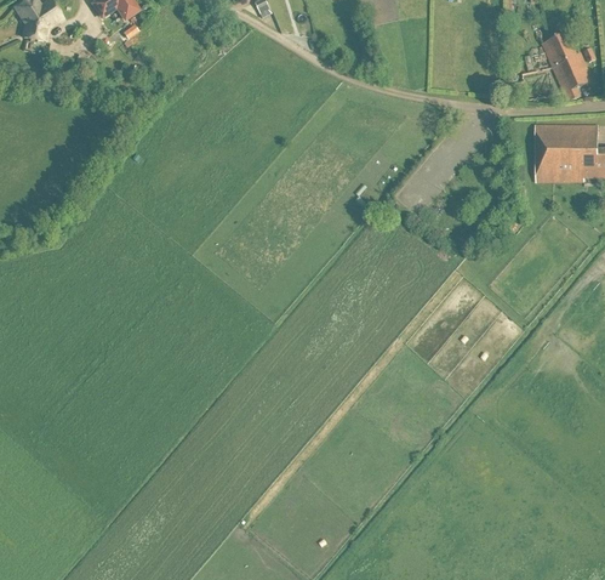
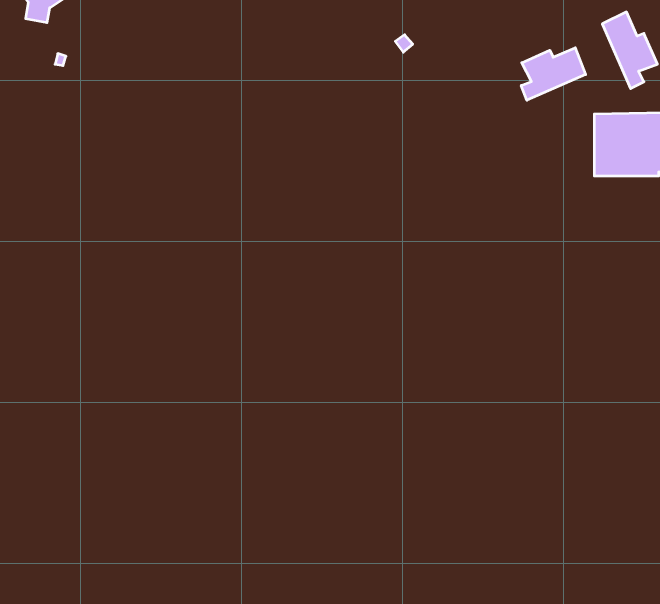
building: none -> [521,48,586,100]

